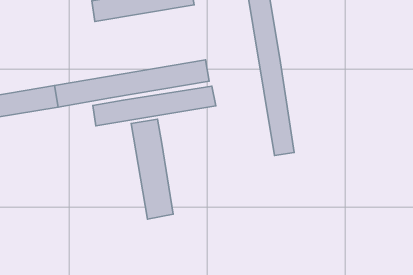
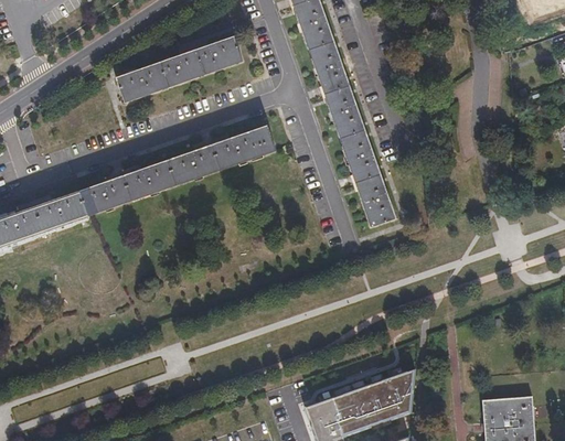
building: [93,86,216,126] -> none
building: [131,119,173,219] -> none

